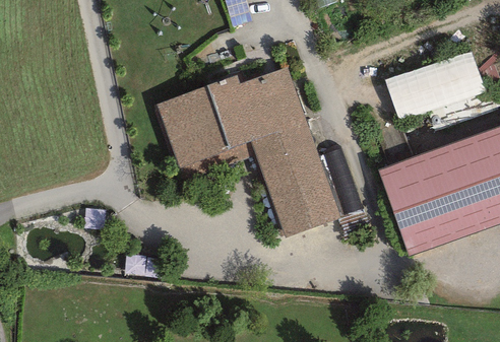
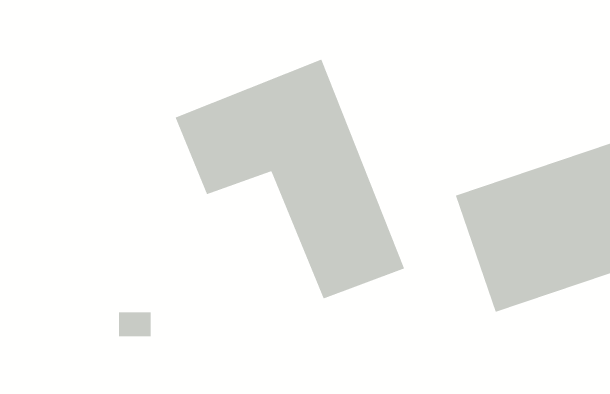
building: [385,46,486,118] -> none

